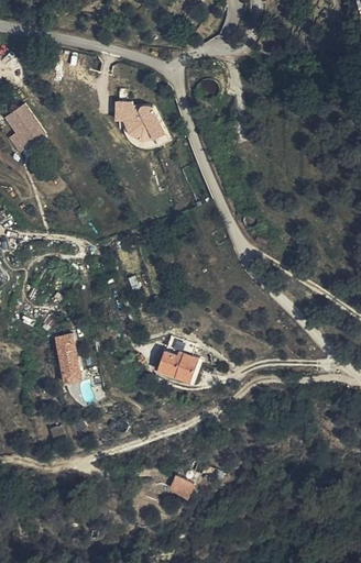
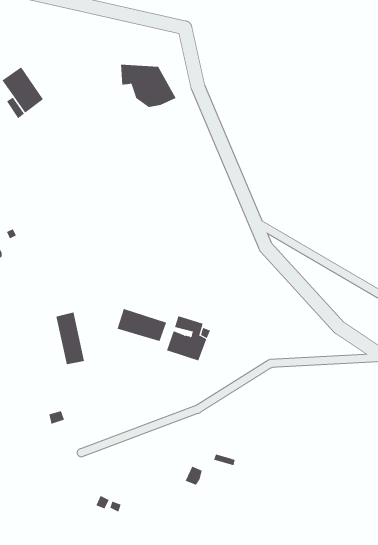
building: none -> [117,308,167,342]

